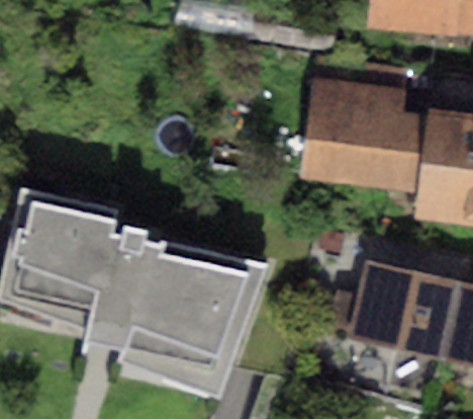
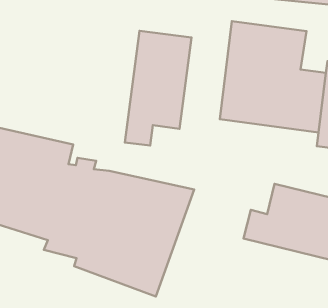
building: none -> [125,31,192,145]

